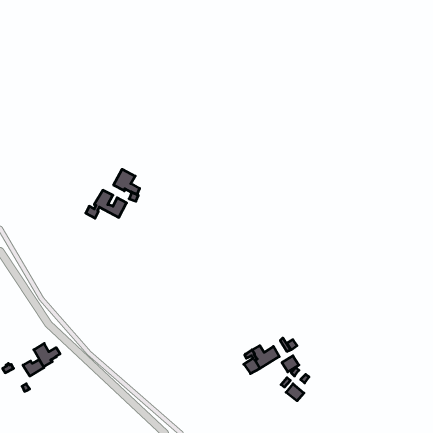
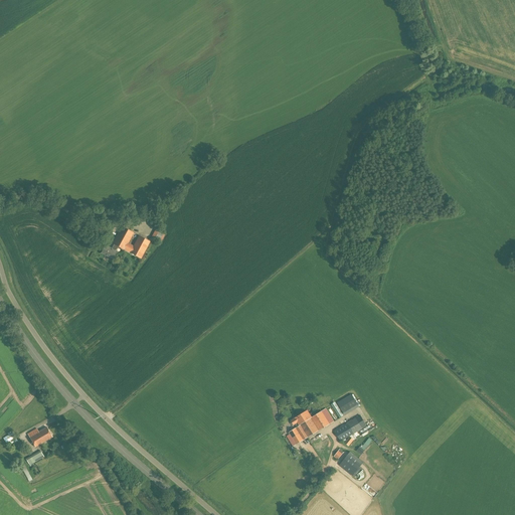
building: [114,169,140,195] -> none
building: [34,343,60,367] -> none

